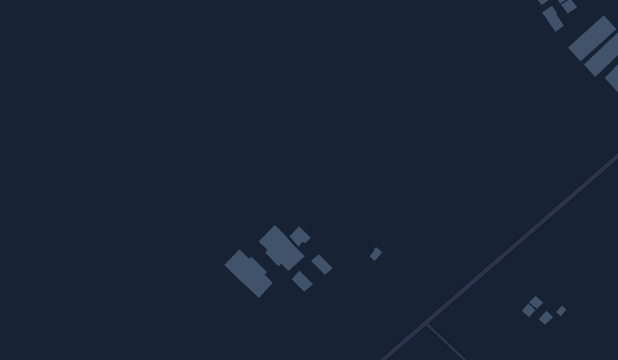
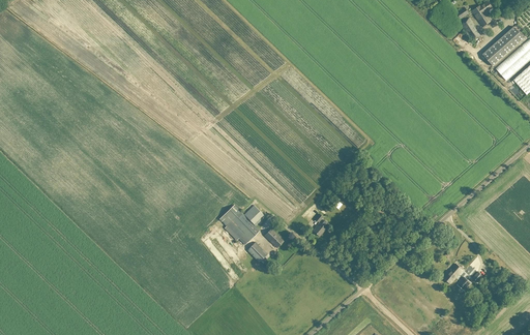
building: [223,249,274,299] -> none

